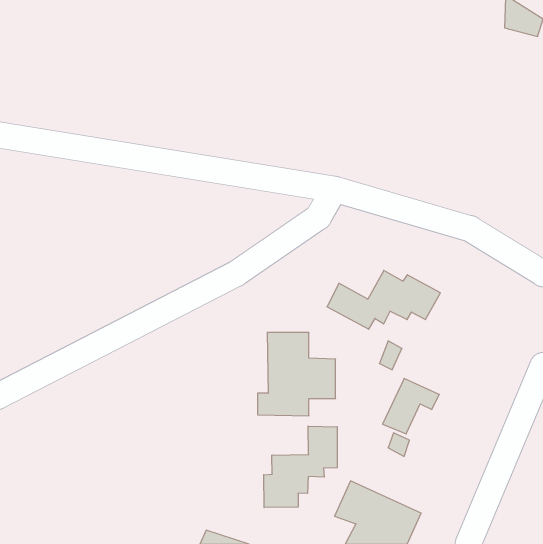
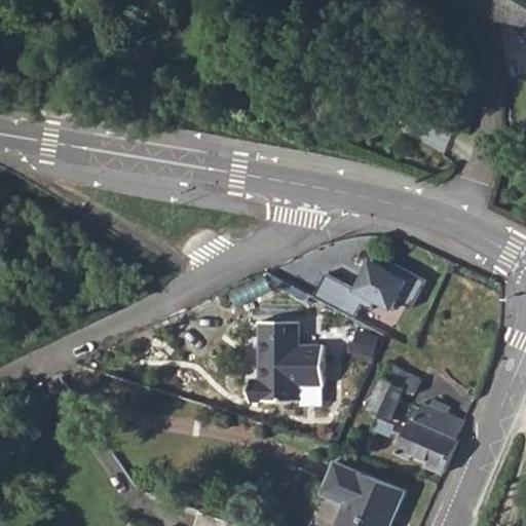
building: none -> [393,401,464,472]
building: [264,426,337,508] -> none

